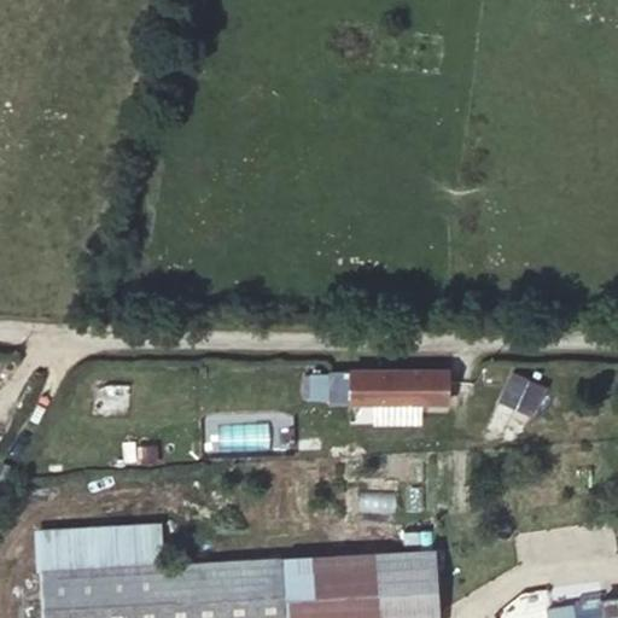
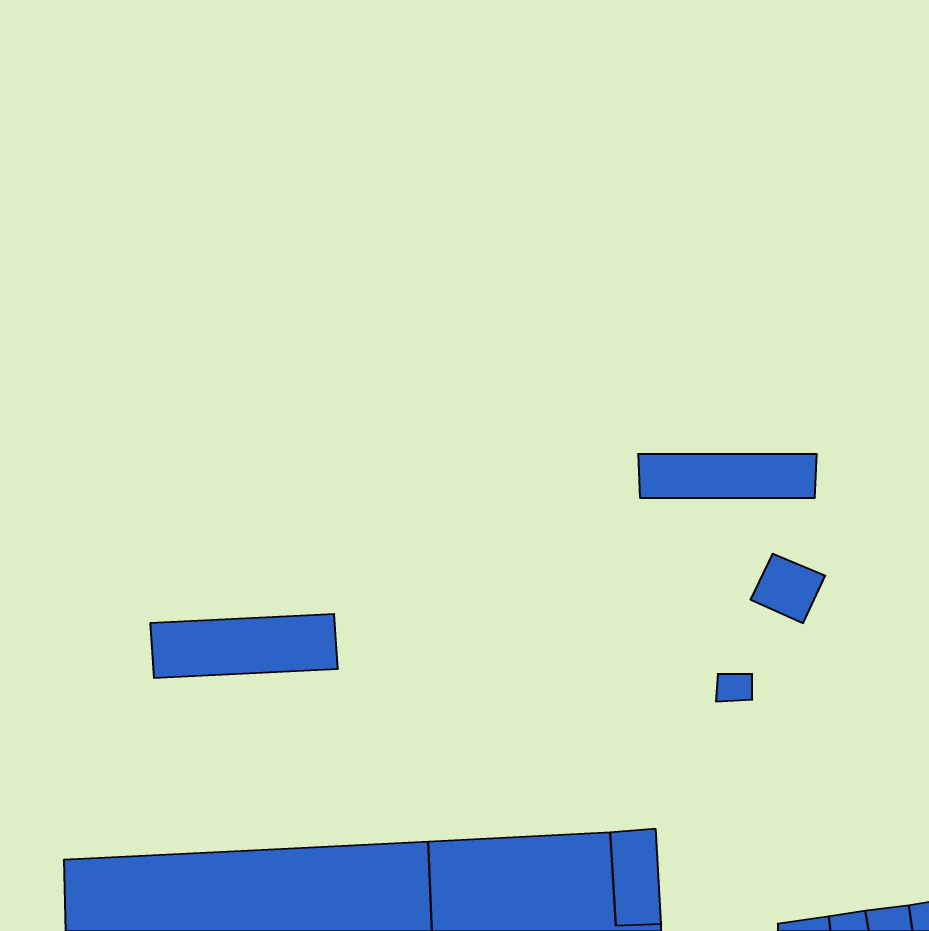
building: [322,380,441,409] -> [638,454,817,498]
building: [41,527,165,570] -> [150,614,338,678]

